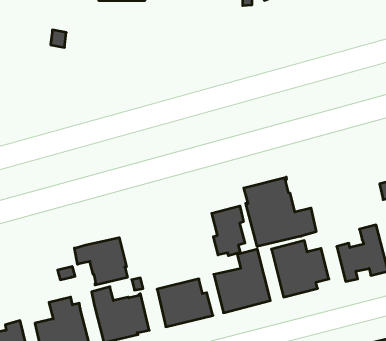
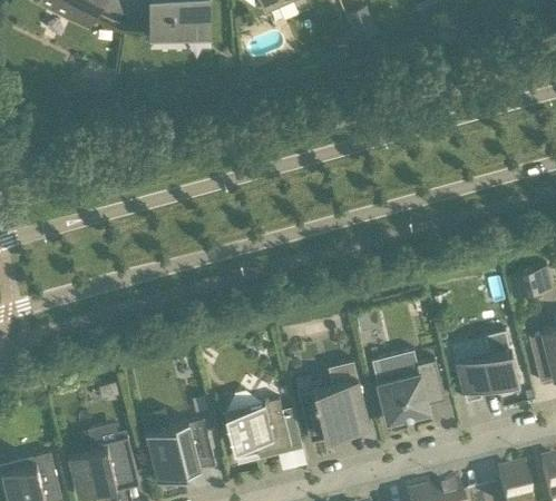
building: [244,177,316,247] -> none
building: [212,206,245,256] -> none
building: [74,238,127,285] -> none

